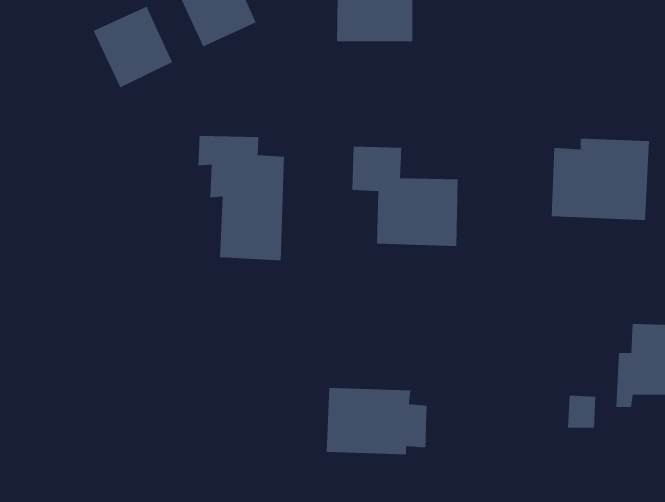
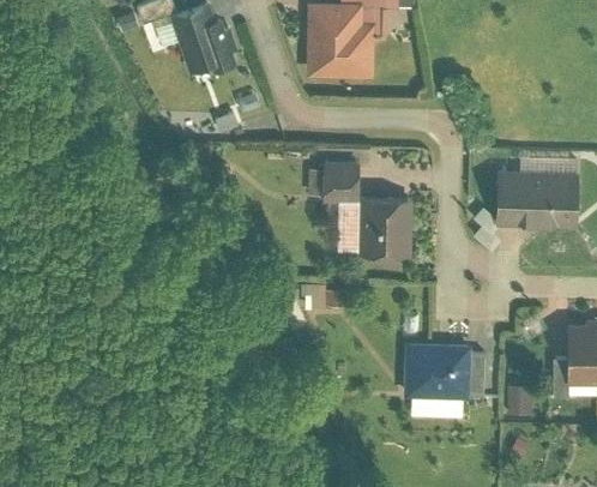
building: [93,6,173,88] -> none
building: [198,135,284,261] -> none
building: [326,387,428,455] -> [397,342,486,401]

